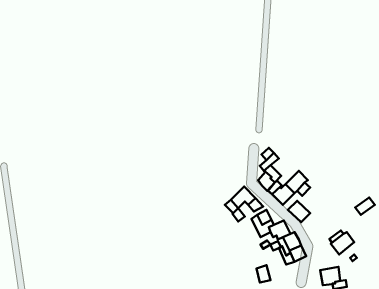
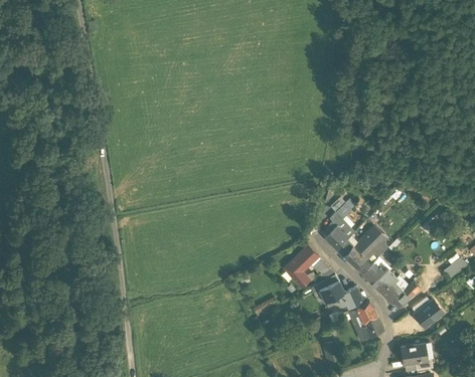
building: none -> [377,277,408,308]

